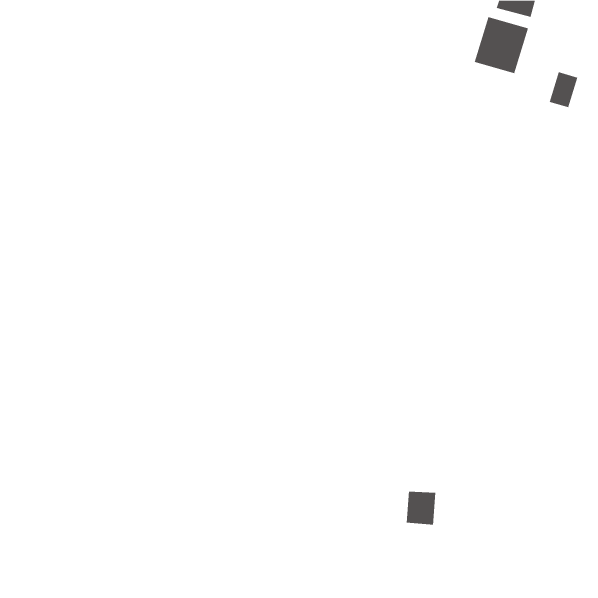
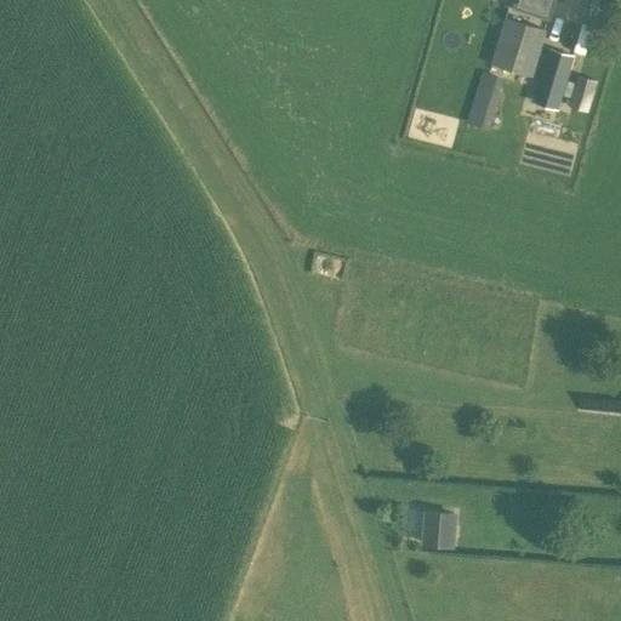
building: none -> [534,49,575,110]
building: none -> [468,72,503,130]

